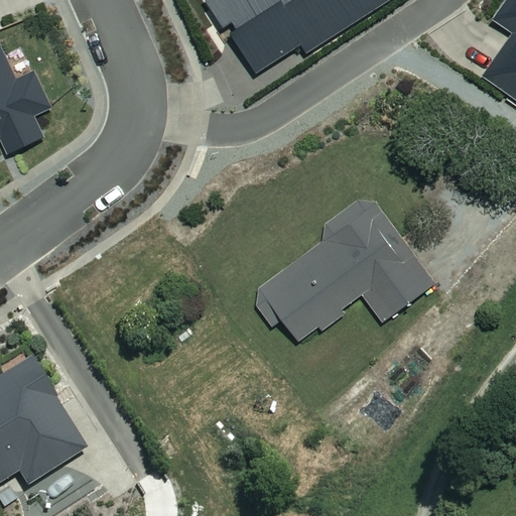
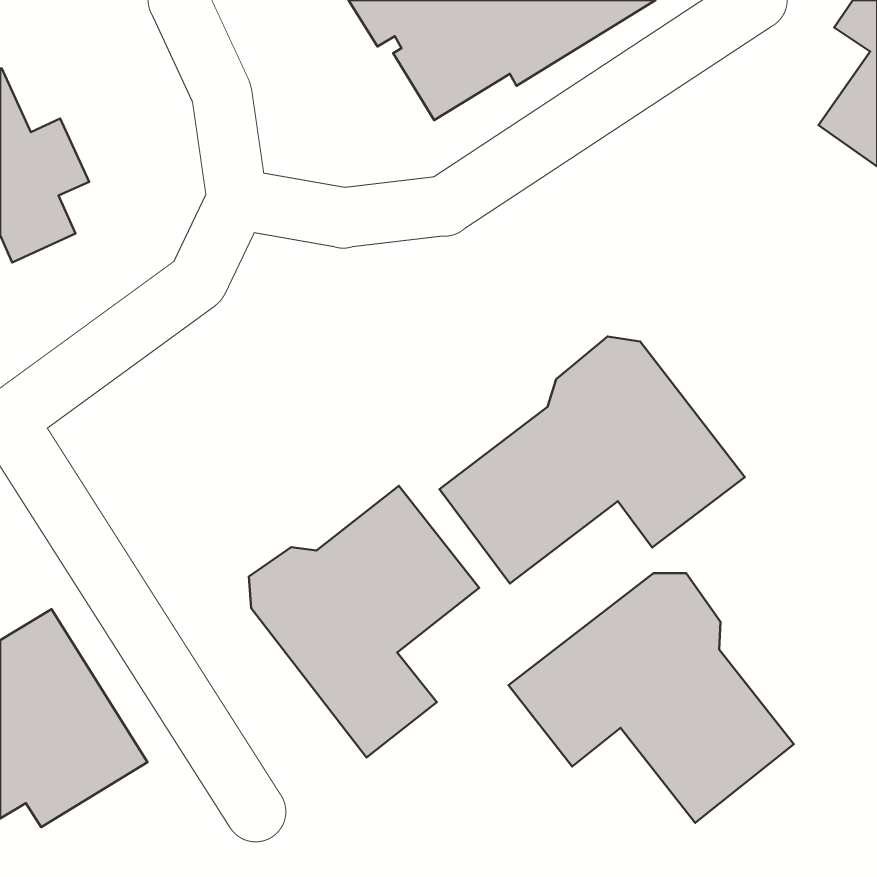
building: none -> [249,486,479,758]
building: none -> [508,573,794,823]

